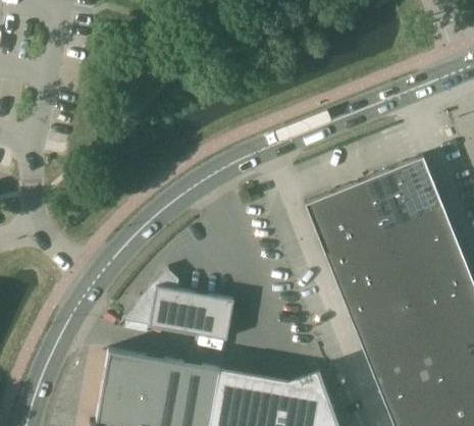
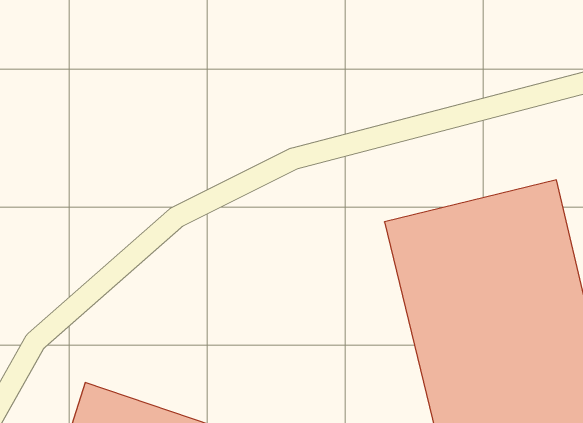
building: [123,269,235,340] -> none

